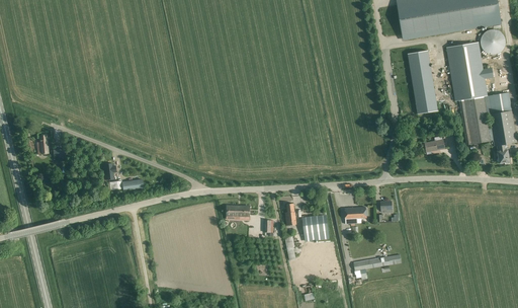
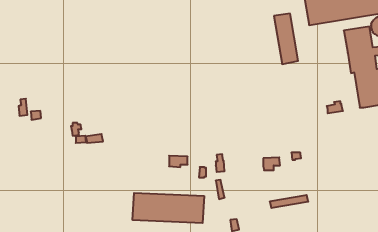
building: [408,50,438,113] -> [274,14,298,64]
building: [303,215,329,240] -> none
building: none -> [133,193,204,223]

